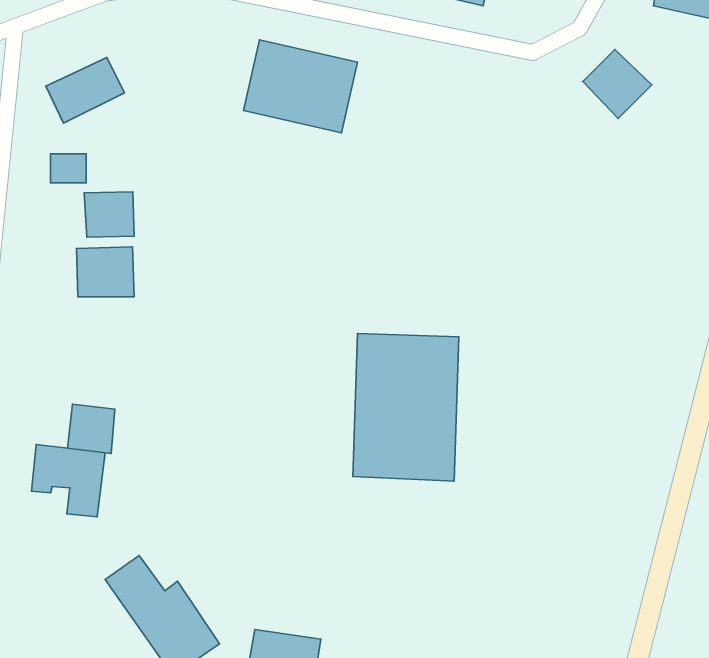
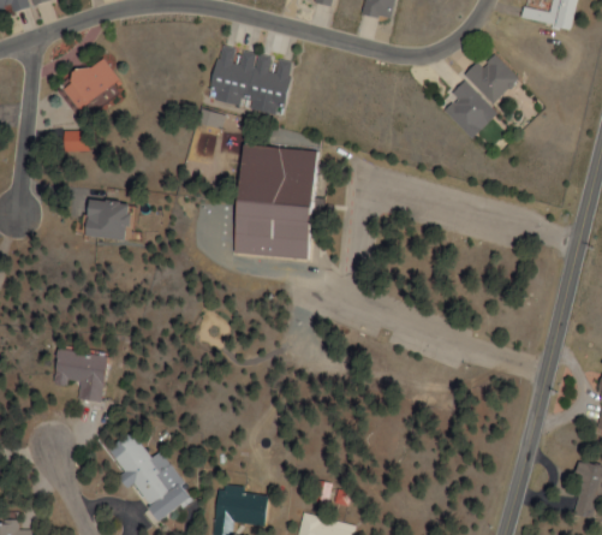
building: none -> [446,79,488,133]
building: [84,192,134,237] -> none
building: [353,333,459,481] -> [233,147,312,257]
building: [67,404,115,453] -> none

